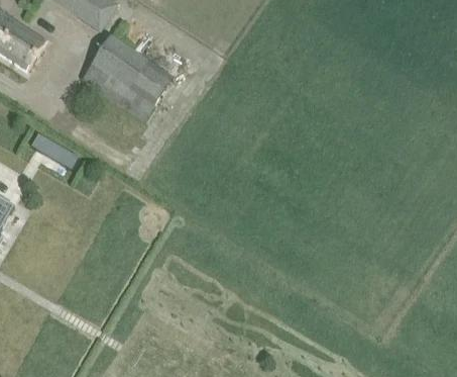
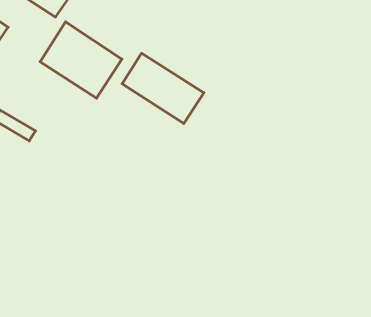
building: none -> [122,53,204,124]

